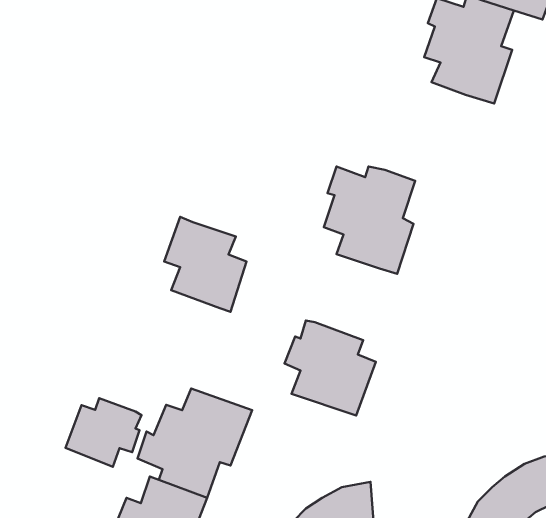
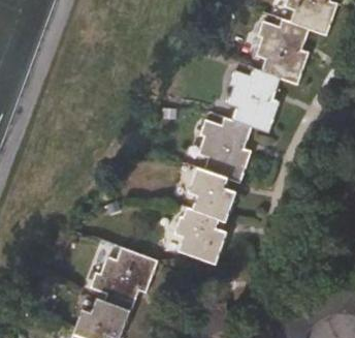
building: none -> [227,68,280,133]
building: [164,217,247,312] -> [189,166,236,221]
building: [66,398,142,467] -> none

